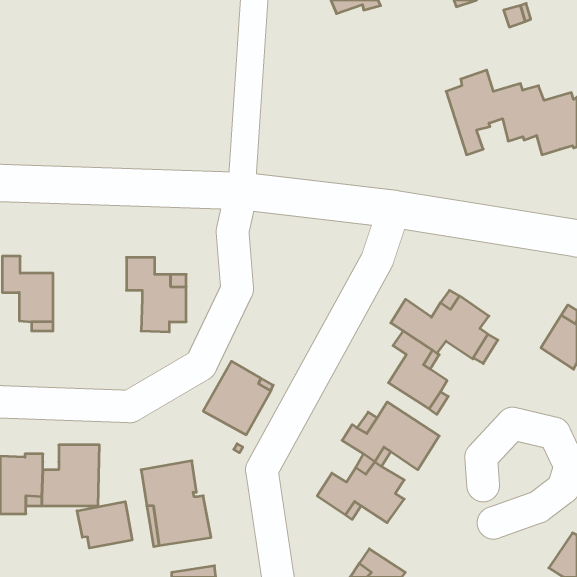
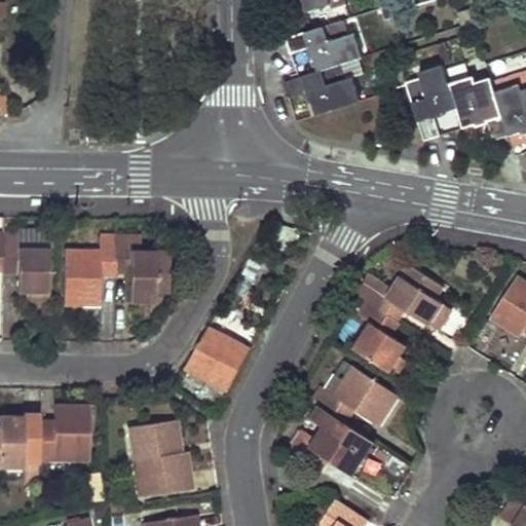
building: none -> [283,20,364,115]
building: none -> [64,234,115,305]
building: [77,502,132,548] -> none

